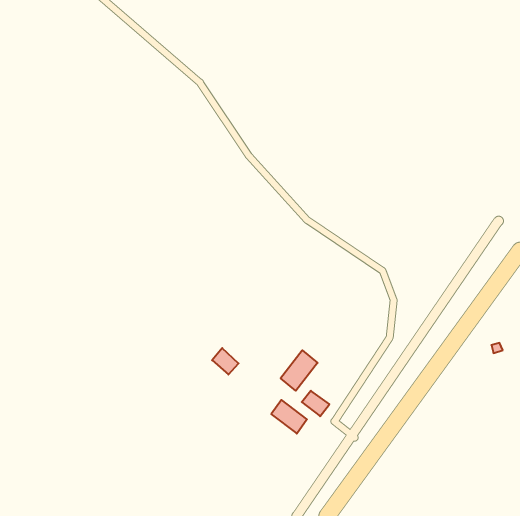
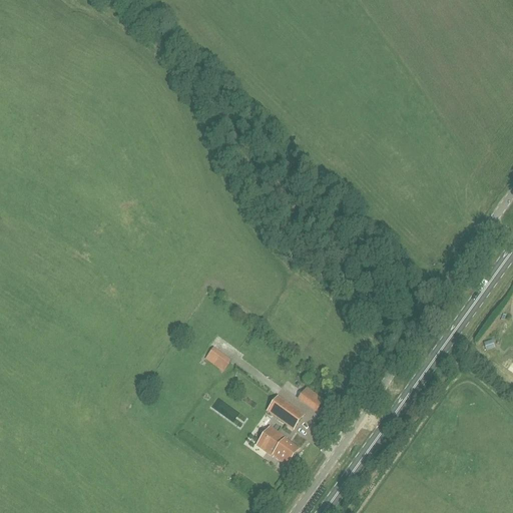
building: [281,350,318,391] -> none
building: none -> [255,425,298,463]

